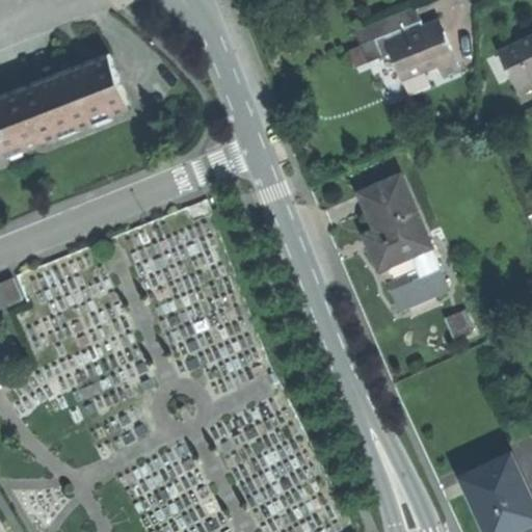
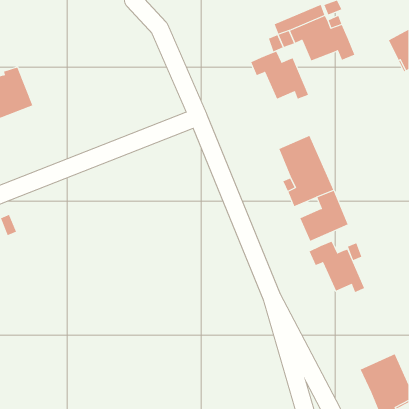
building: [23,55,130,139] -> none
building: none -> [251,51,309,100]
building: none -> [309,241,365,293]

